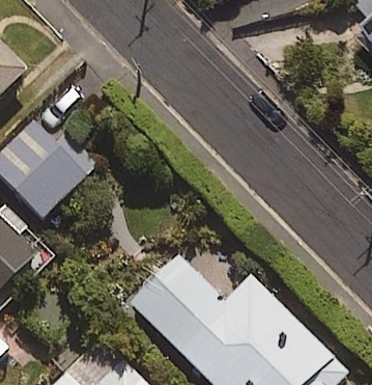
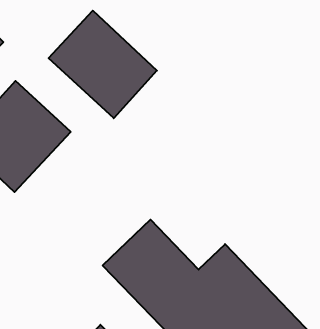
building: none -> [49,11,157,118]

